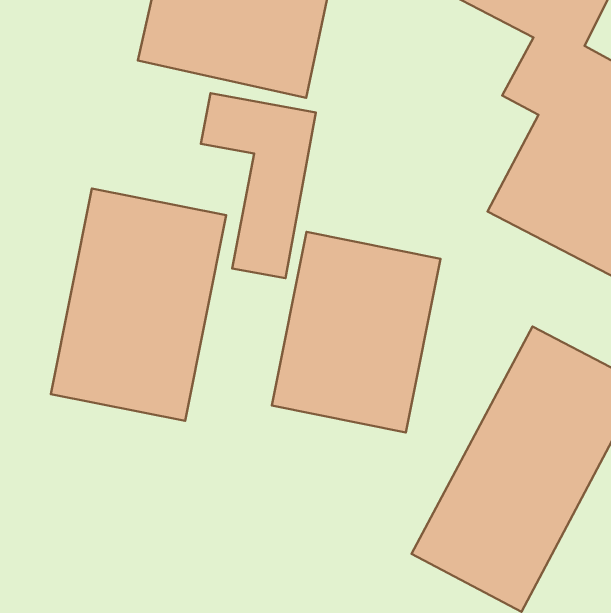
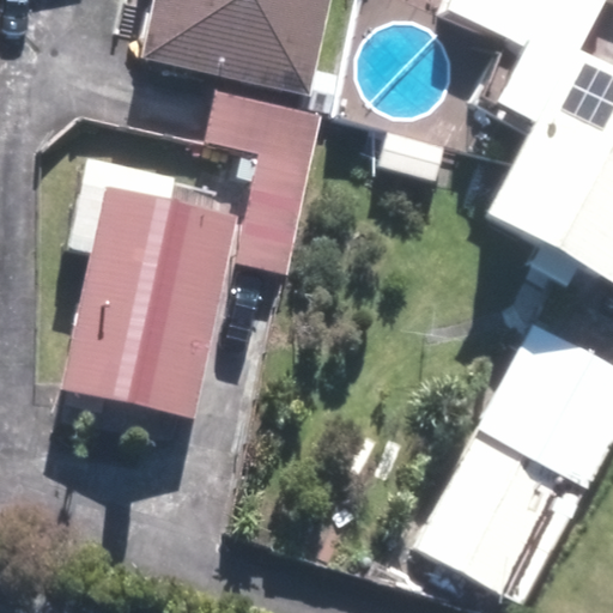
building: [272,232,441,433] -> none

